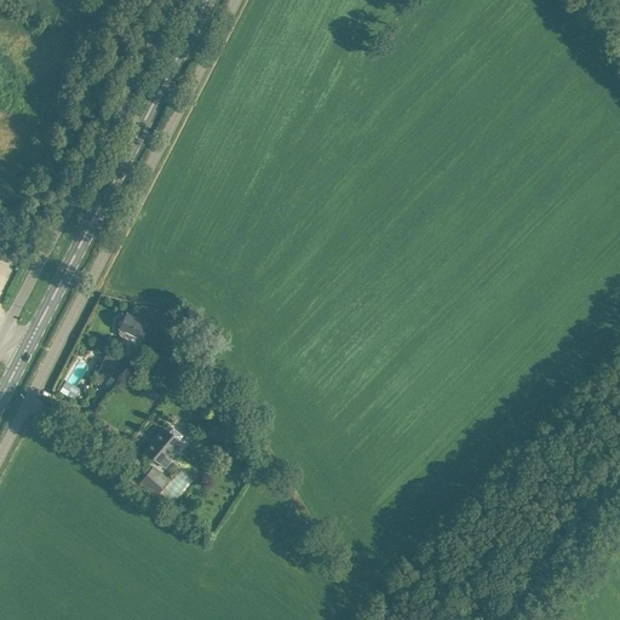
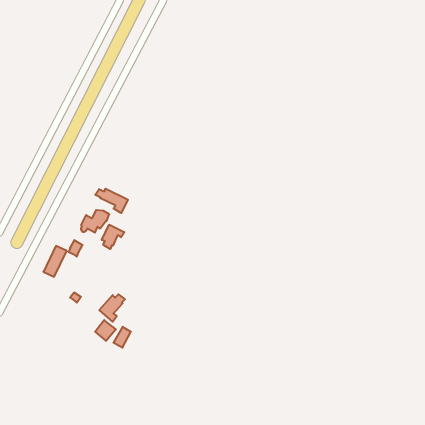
building: none -> [95,189,128,213]
building: none -> [102,225,124,249]

